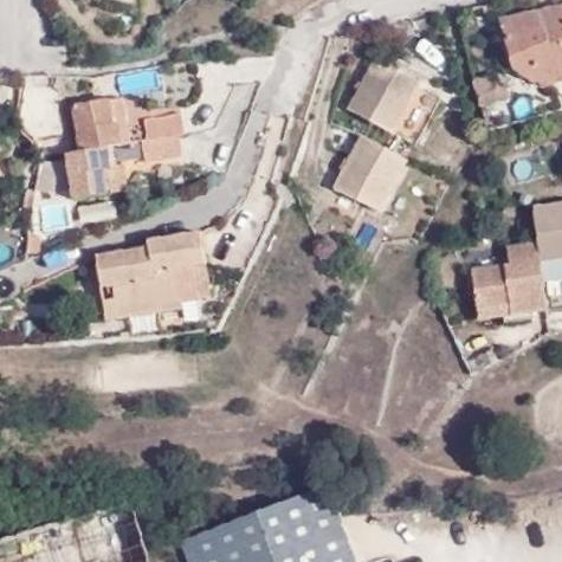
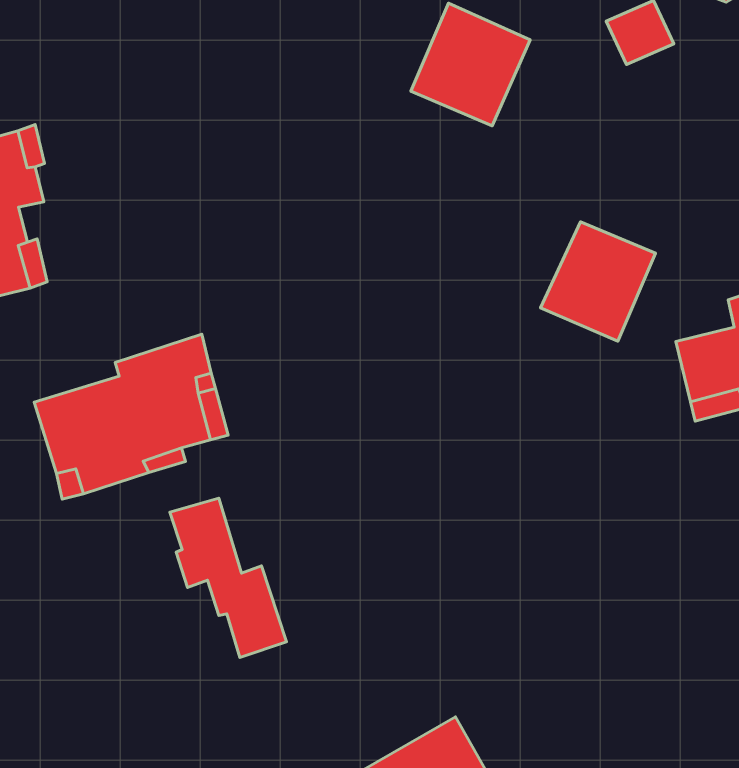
building: [140,115,180,162] -> none
building: [332,141,405,214] -> [541,222,656,341]
building: none -> [170,498,286,657]

